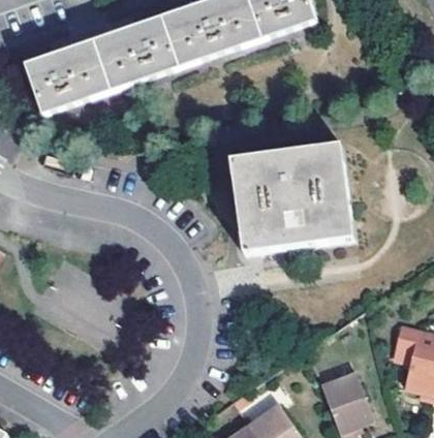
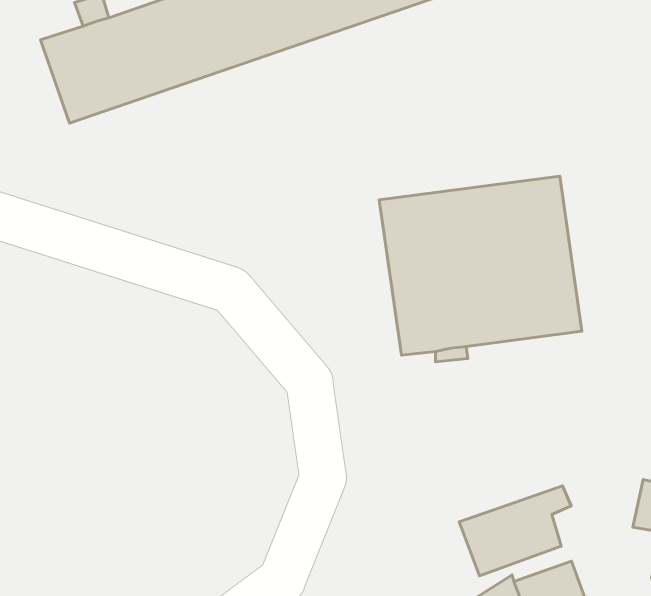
building: none -> [459,486,571,576]

